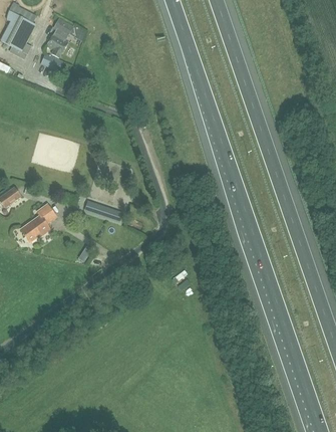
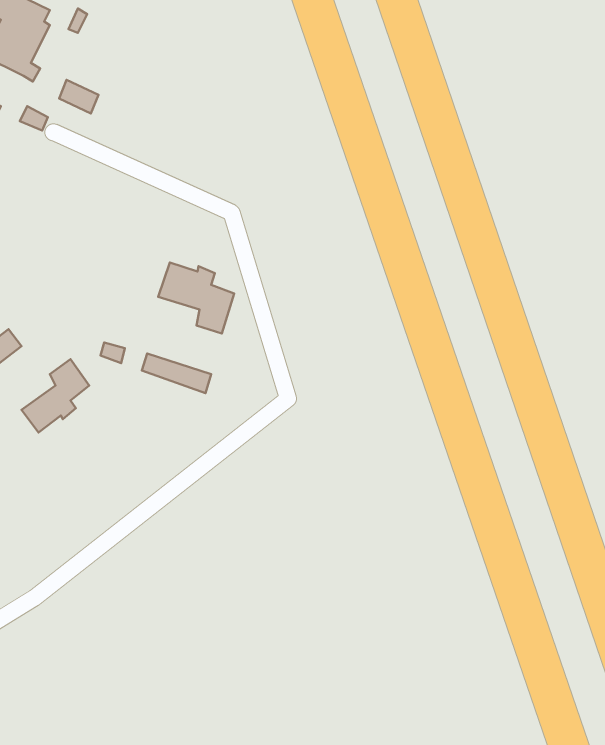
building: [46,18,73,57] -> none
building: none -> [158,262,234,333]

